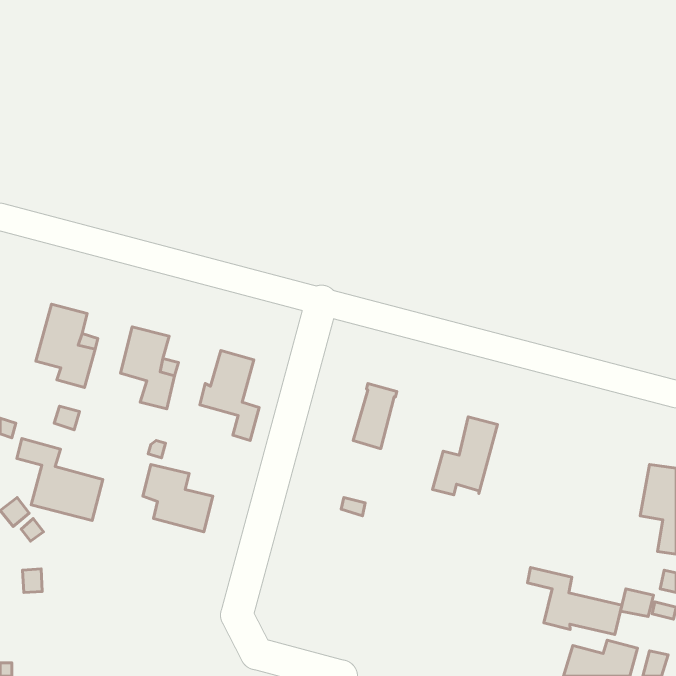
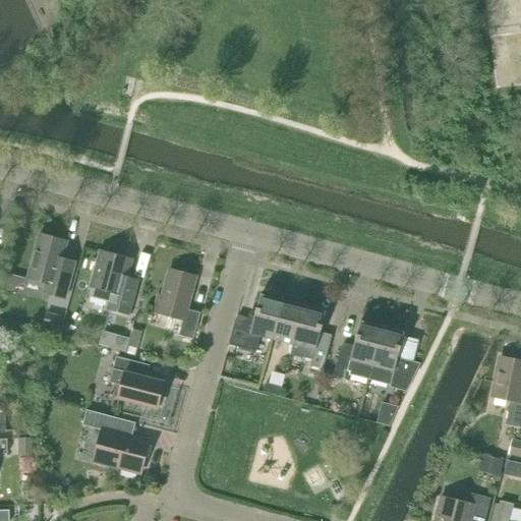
building: none -> [228,294,283,352]
building: none -> [290,305,332,369]
building: none -> [368,327,418,392]
building: [17,439,103,521] -> [82,410,149,473]
building: [528,567,622,635] -> none

